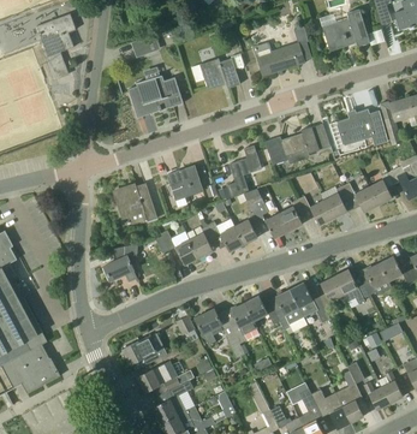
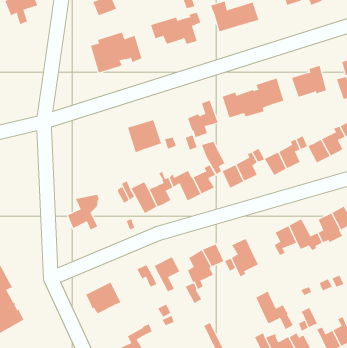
building: [115,183,157,225] -> none
building: [291,283,330,323] -> [255,291,294,330]
building: [138,362,193,398] -> none

